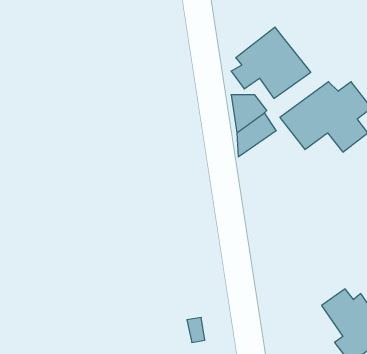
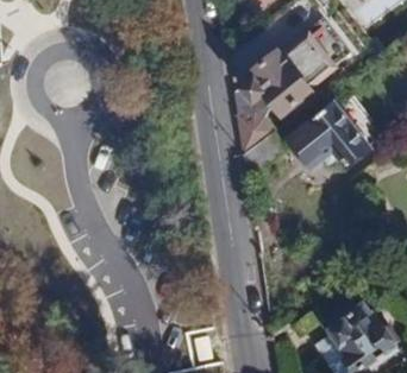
building: none -> [286,21,352,83]

